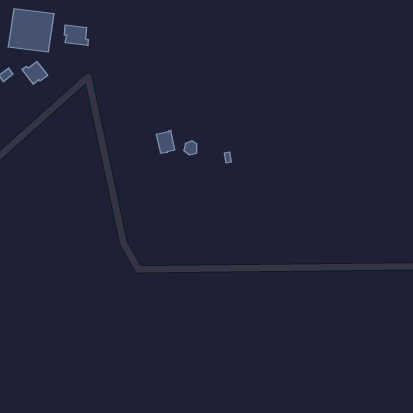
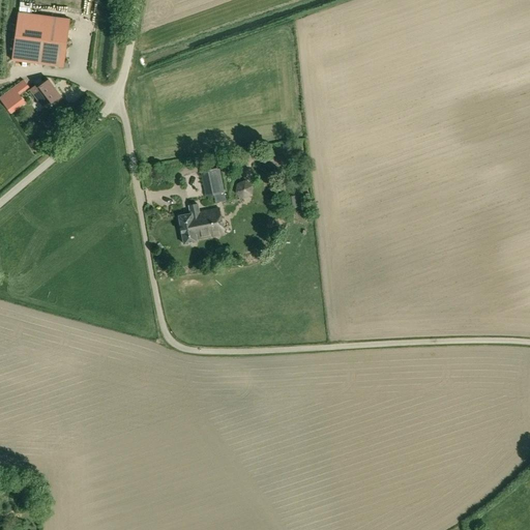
building: [64,25,88,46] -> none
building: none -> [179,207,225,243]

